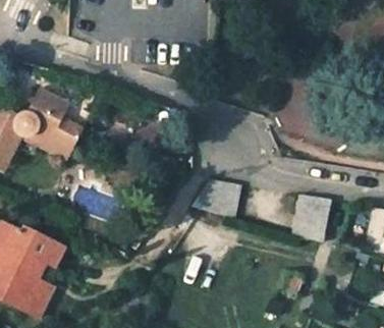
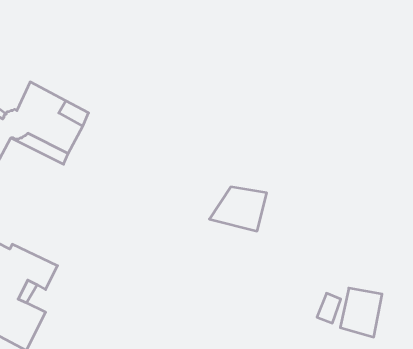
building: [295,194,331,235] -> [340,288,382,337]

